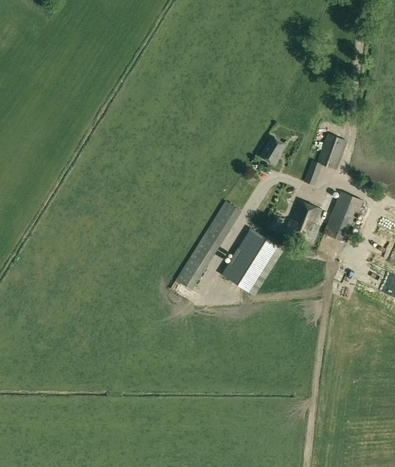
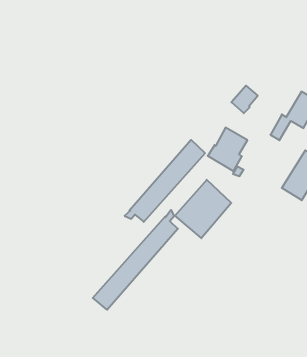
building: [285,199,322,241] -> [208,128,247,171]
building: none -> [93,210,178,310]

